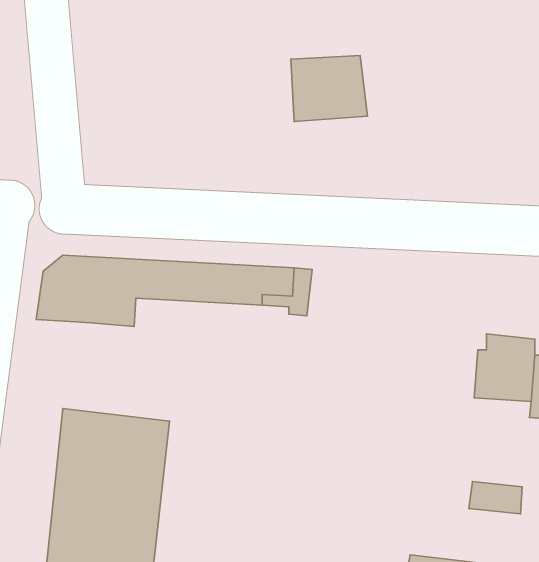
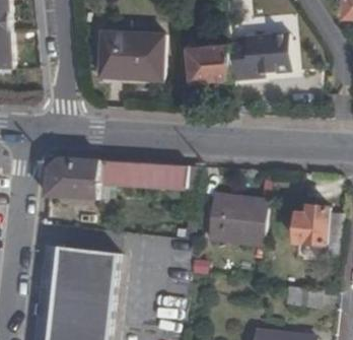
building: none -> [227,28,292,79]
building: none -> [101,33,160,81]
building: none -> [209,196,266,244]

